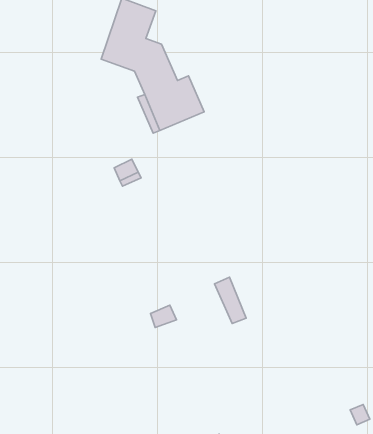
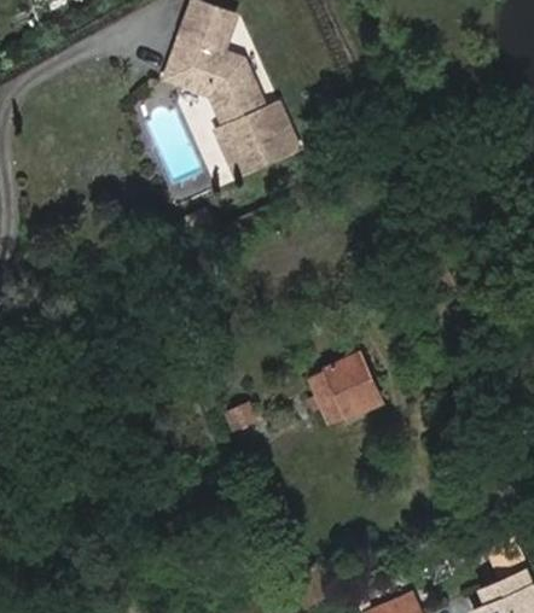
building: none -> [330,349,384,415]

